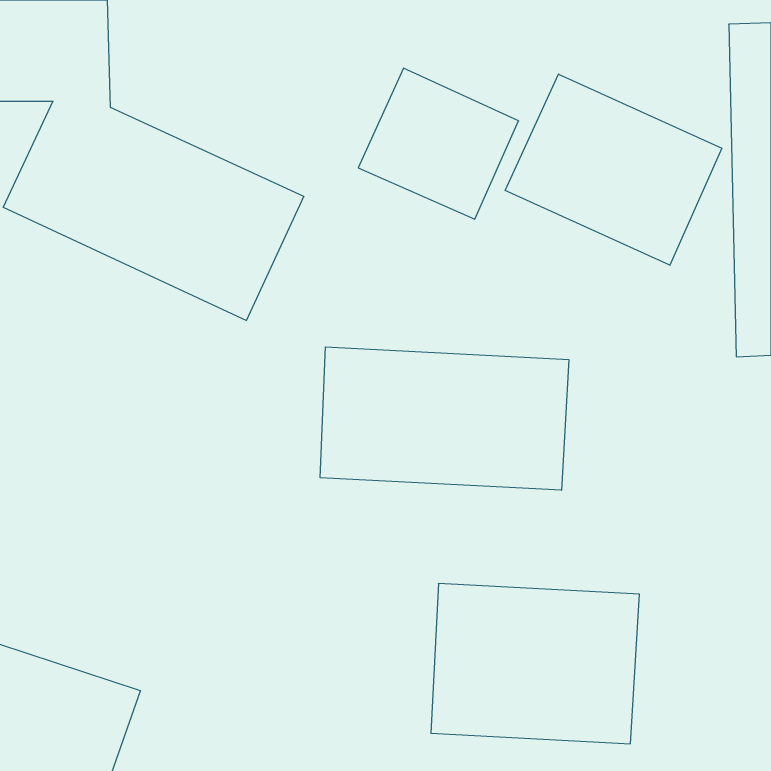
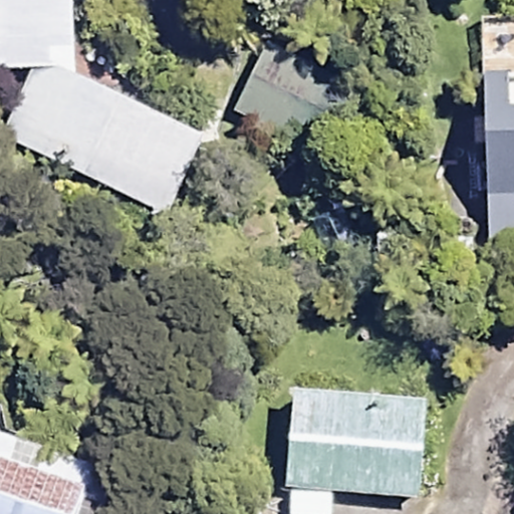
building: [505,74,722,265] -> none
building: [320,347,569,490] -> none

